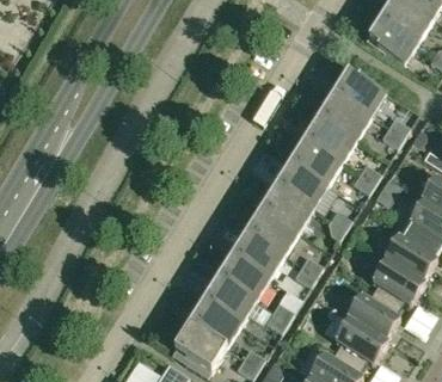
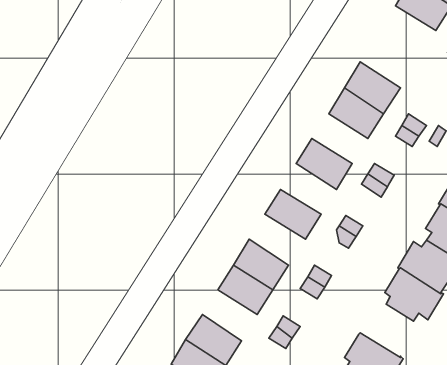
building: [367,16,418,62] -> none
building: [305,115,356,160] -> none
building: [276,160,327,207] -> none
building: [247,207,299,253] -> none
building: [204,276,254,322] -> none
building: [346,289,399,338] -> none

